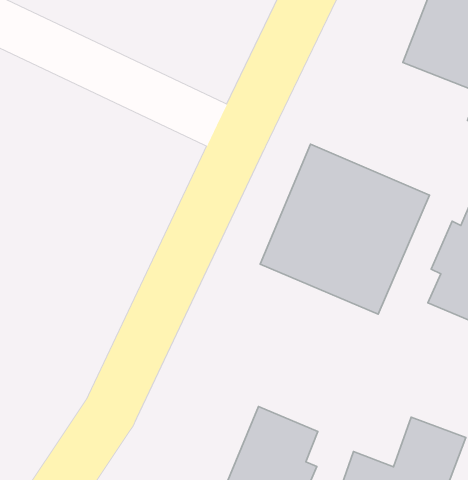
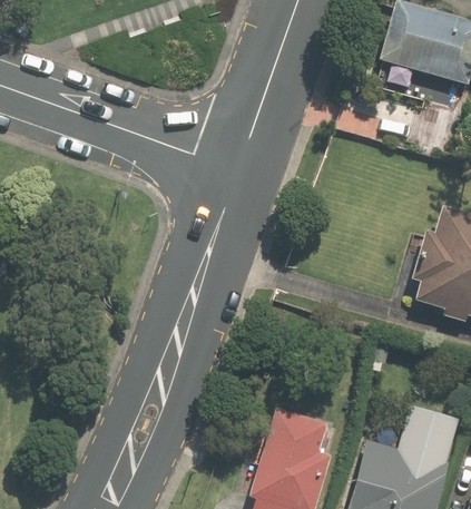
building: [260,144,429,314] -> none

